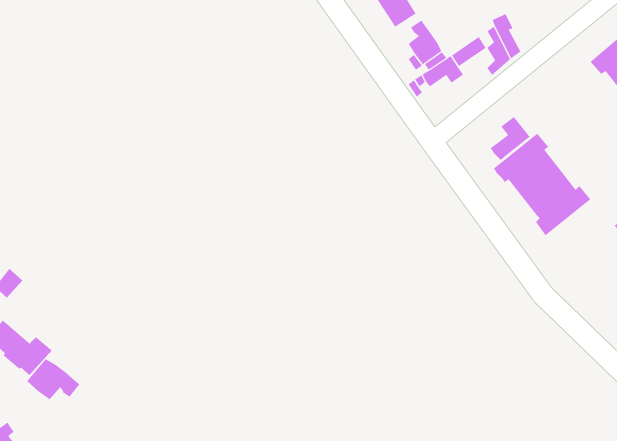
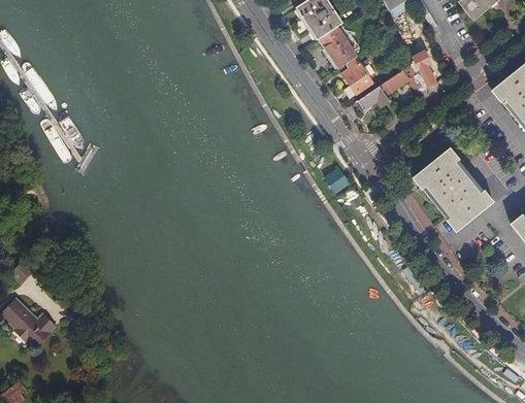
building: [490,116,531,161] -> none
building: none -> [320,167,348,195]
building: [26,358,80,400] -> none

